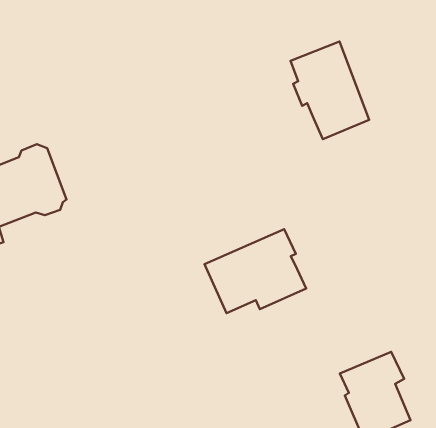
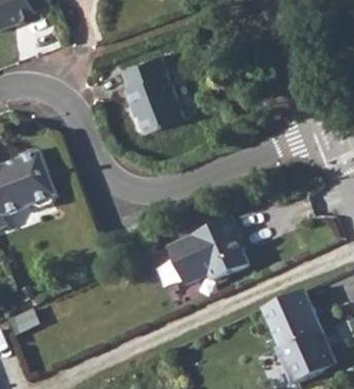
building: [290,41,369,139] -> [120,56,183,134]
building: none -> [263,292,314,334]

